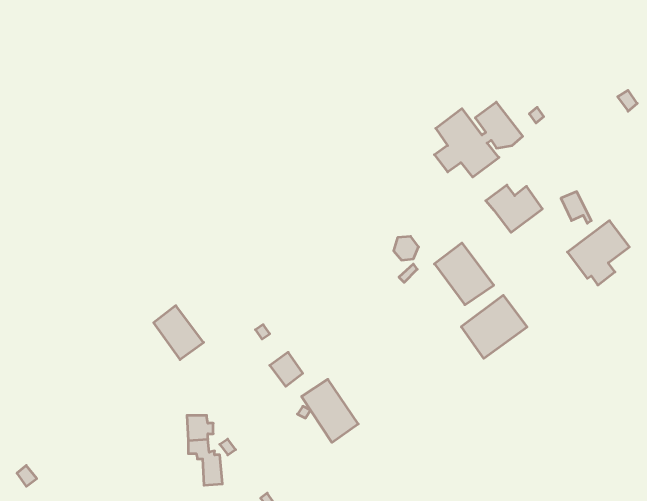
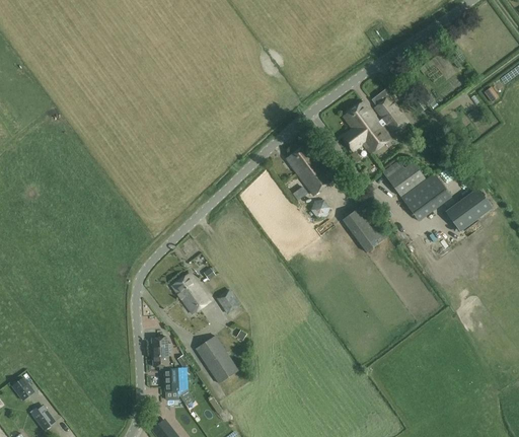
building: none -> [286,143,333,195]
building: [461,295,527,358] -> [400,172,451,221]
building: [154,306,204,360] -> [171,272,210,313]
building: [302,379,358,442] -> [195,335,238,383]

